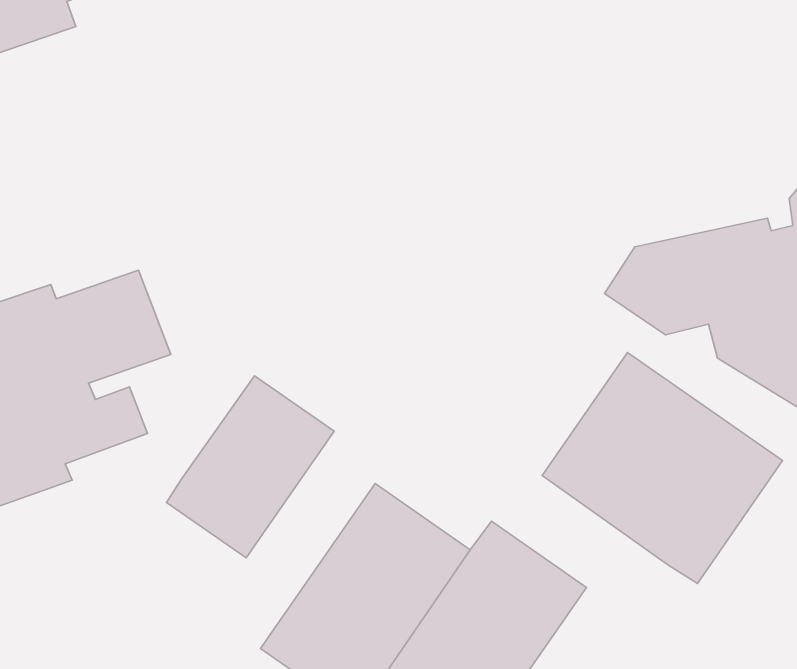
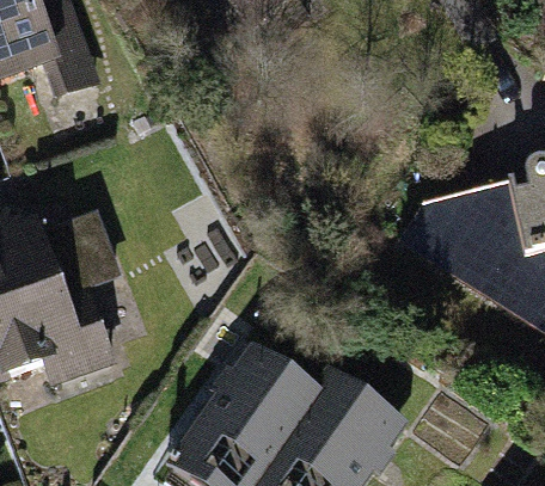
building: [542,353,783,583] -> none
building: [166,376,334,558] -> none

